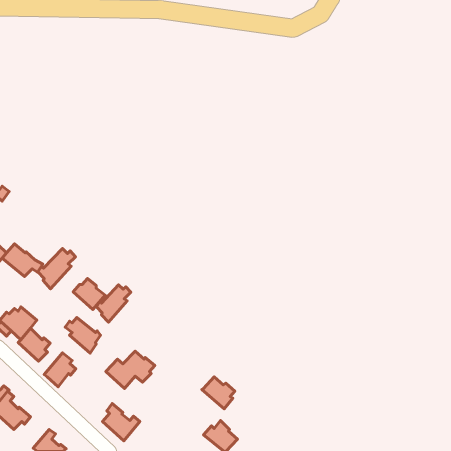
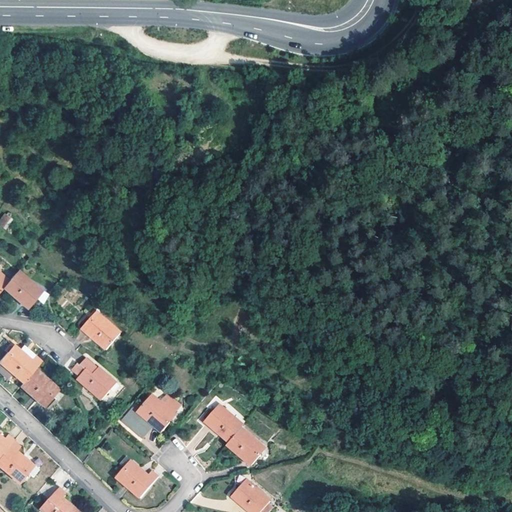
building: [38,249,75,289] -> none
building: [96,285,131,322] -> none
building: [44,353,76,387] -> none
building: none -> [207,402,244,438]

